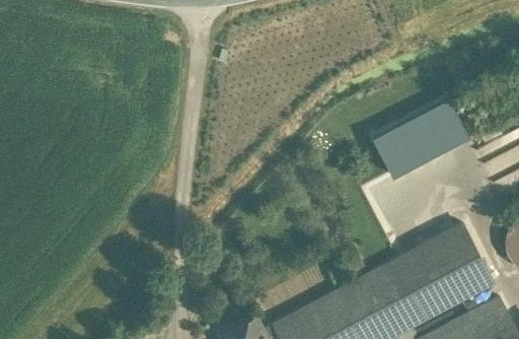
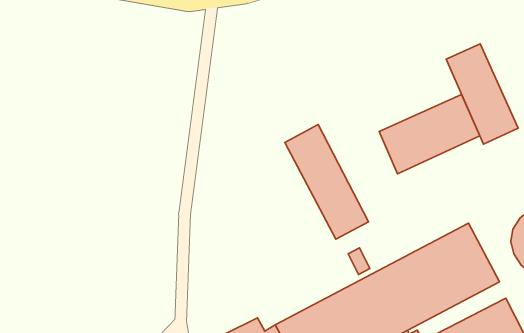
building: none -> [446,44,518,144]
building: none -> [285,124,369,239]

